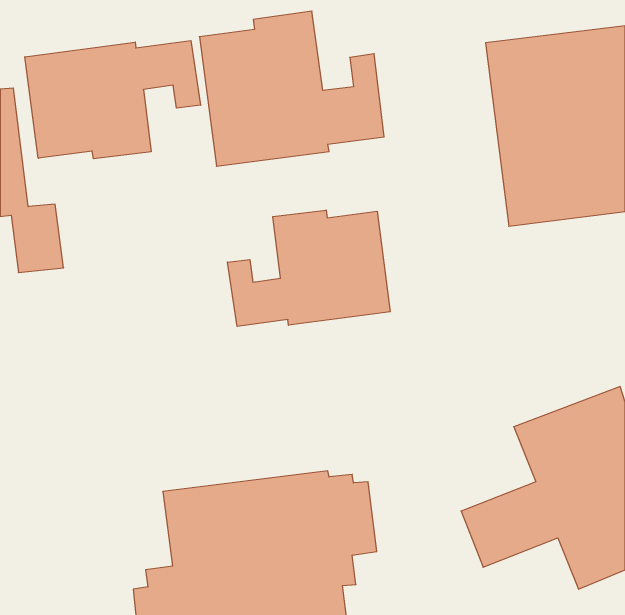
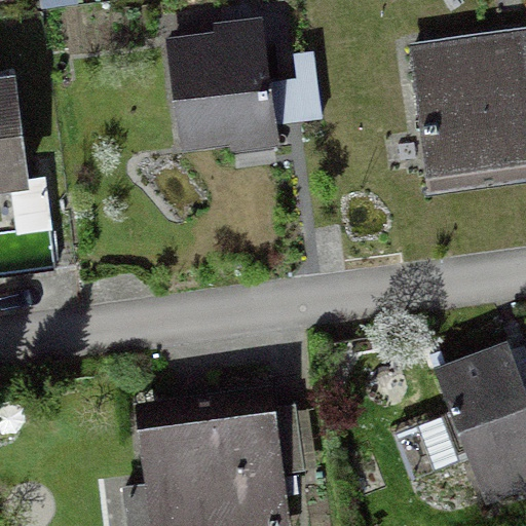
building: [25,41,201,159] -> none
building: [227,210,390,326] -> none

